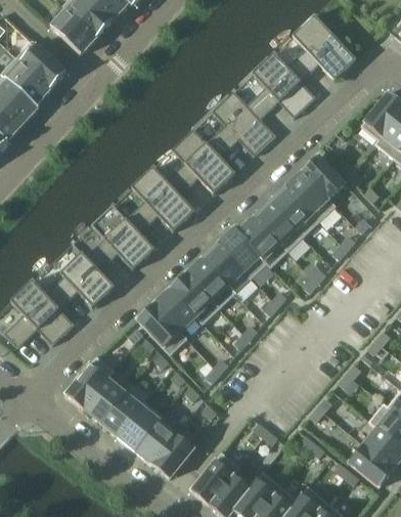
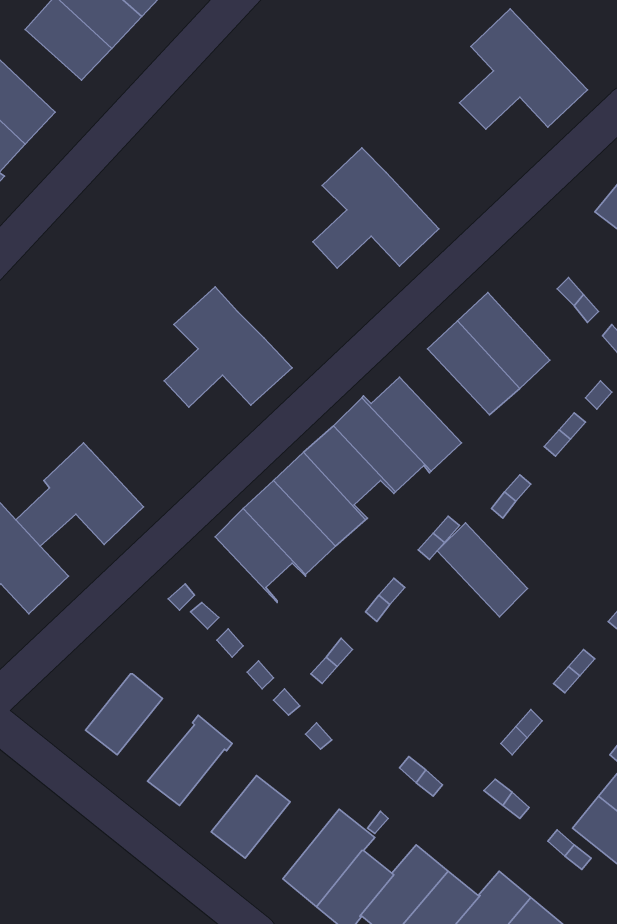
building: [247,53,316,119] -> none
building: [166,129,235,195] -> none
building: [302,155,346,207] -> none
building: [254,201,303,252] -> [437,523,528,617]
building: [86,205,154,270] -> none
building: [136,303,187,355] -> none
building: [64,356,115,408] -> none
building: [100,391,142,436] -> none
building: [134,419,176,464] -> none

